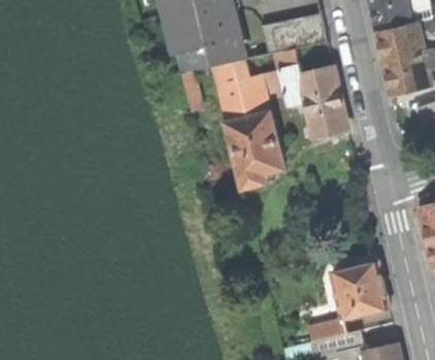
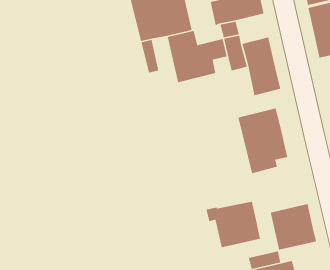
building: [226,110,286,189] -> [237,108,288,174]
building: none -> [206,201,261,248]

